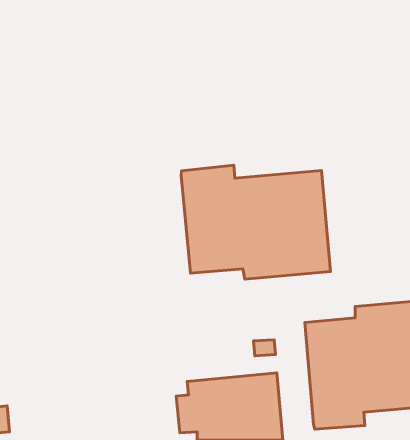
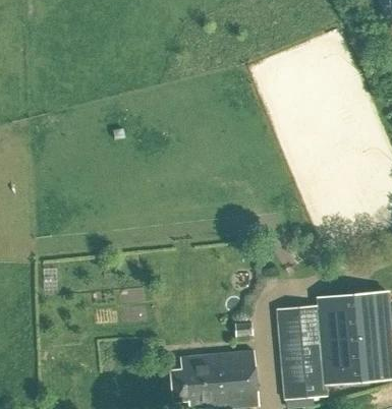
building: [181,165,330,279] -> none

